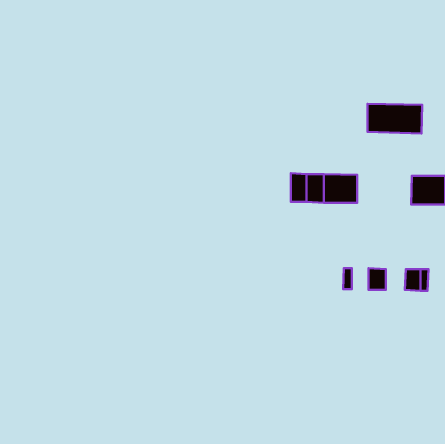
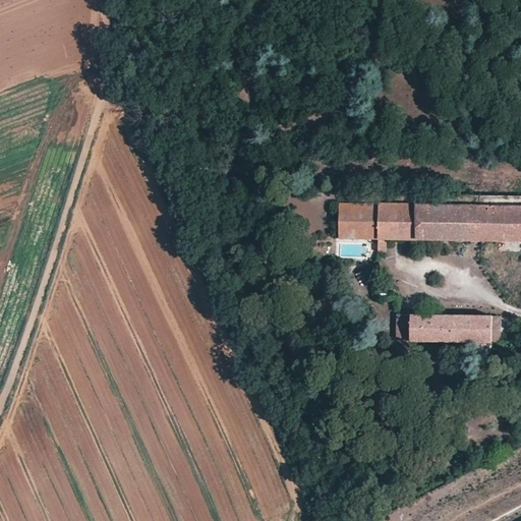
building: [367,104,422,133] -> [417,206,481,240]
building: none -> [411,314,430,340]
building: none -> [451,315,474,340]

